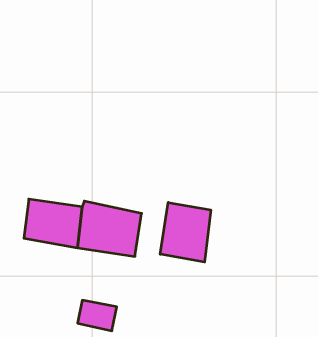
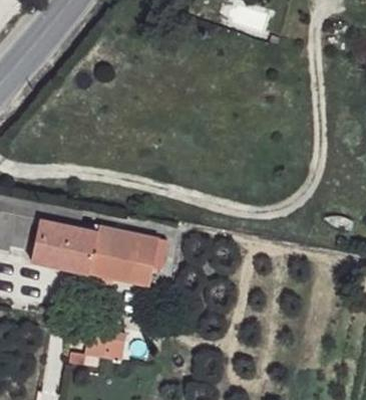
building: [160,202,211,262] -> none

